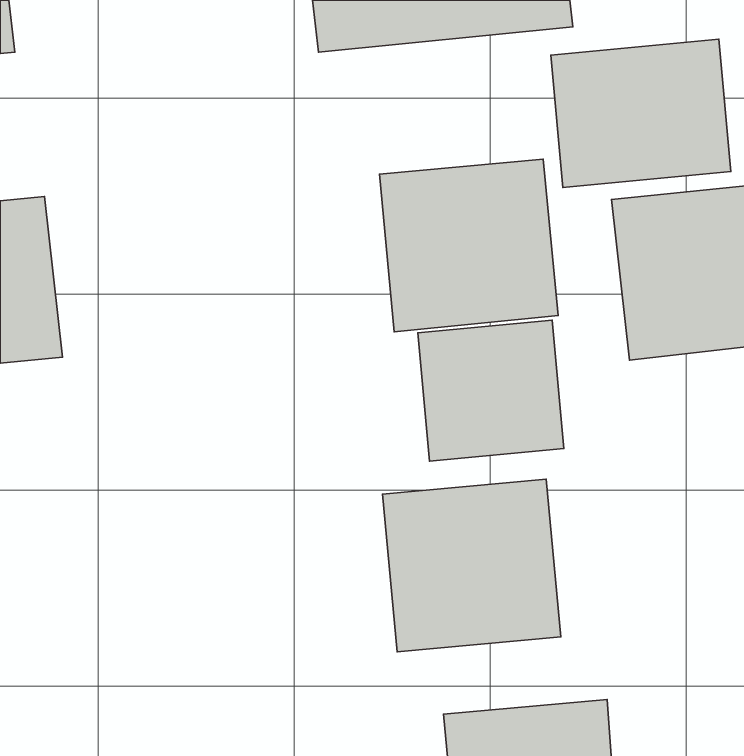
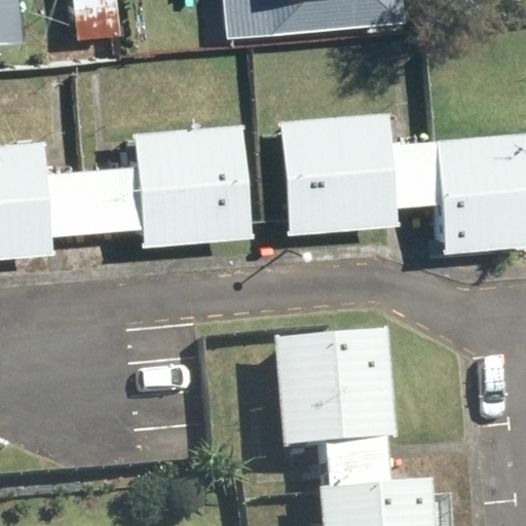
building: [551,39,731,187] -> none
building: none -> [129,124,253,243]
building: [418,320,564,461] -> none

